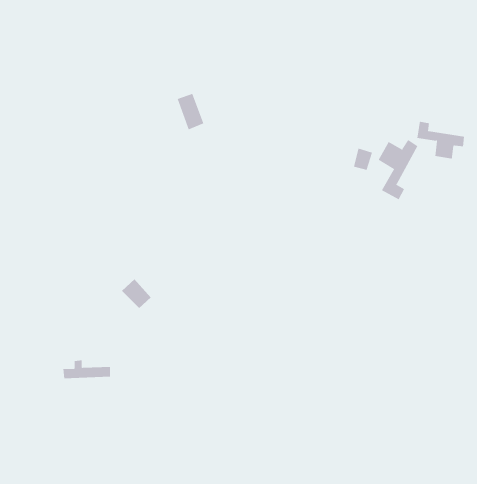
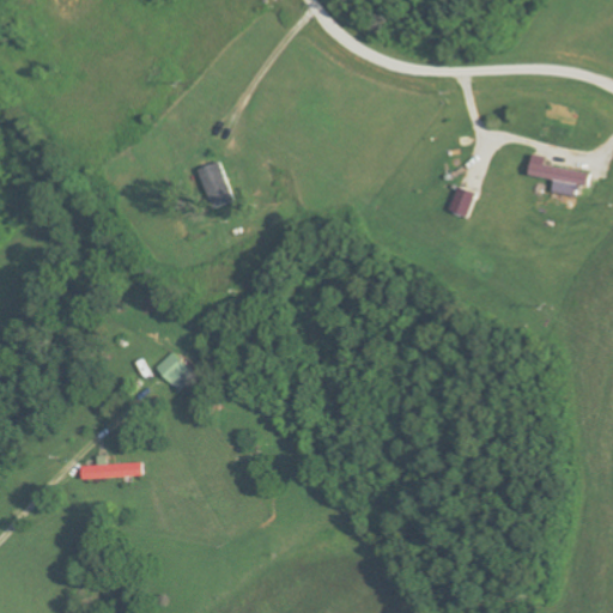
building: [177,93,204,130] -> [195,162,230,208]
building: [378,139,418,200] -> none

